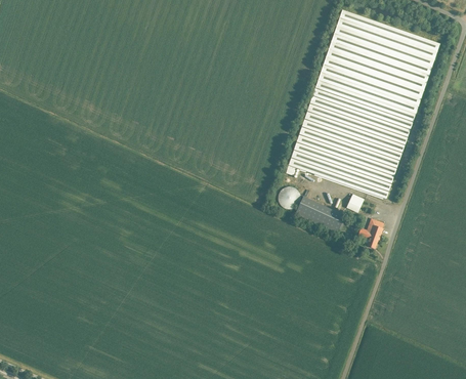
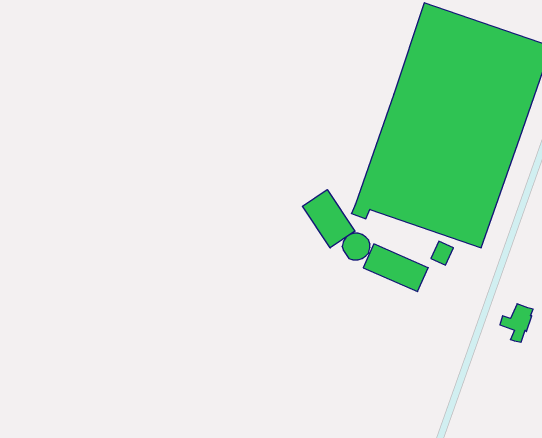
building: none -> [302,190,355,248]
building: [357,218,383,248] -> [500,304,533,342]

